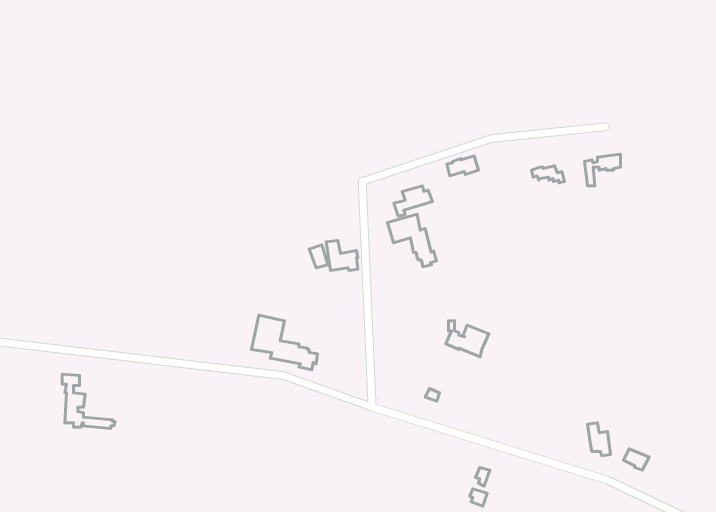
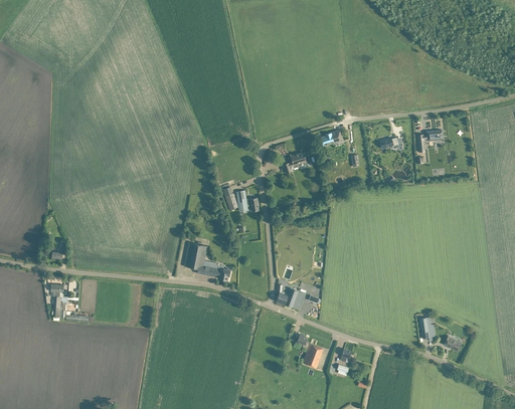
building: [388,214,436,267] -> none
building: [446,321,489,357] -> [276,284,306,310]
building: none -> [297,334,323,367]

